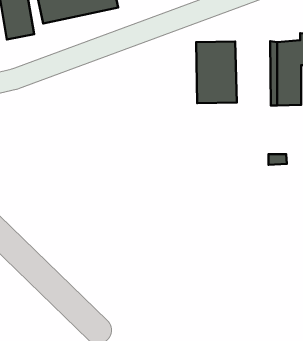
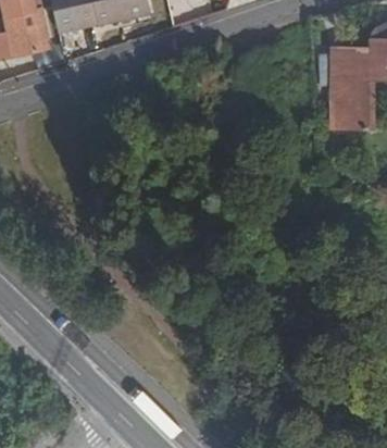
building: [196,42,237,103] -> none

